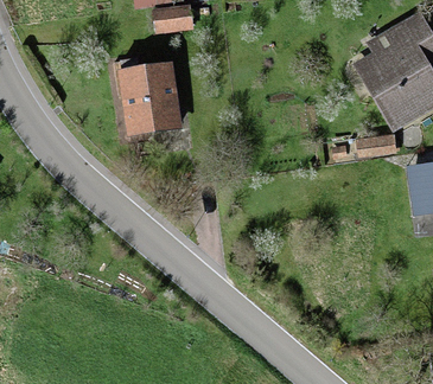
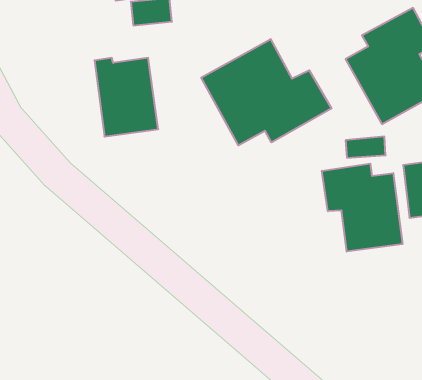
building: none -> [201,39,331,145]
building: none -> [322,164,403,252]

